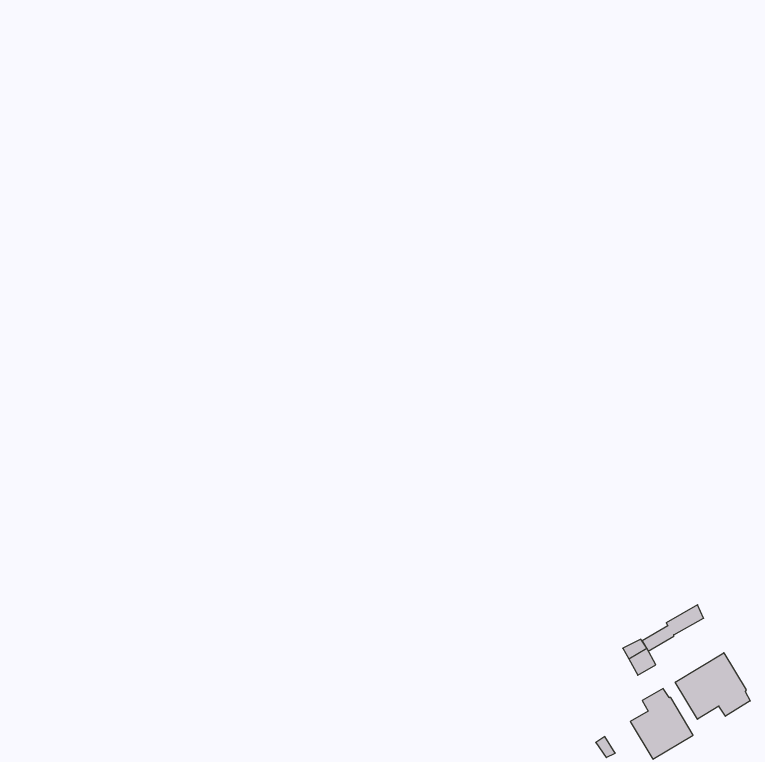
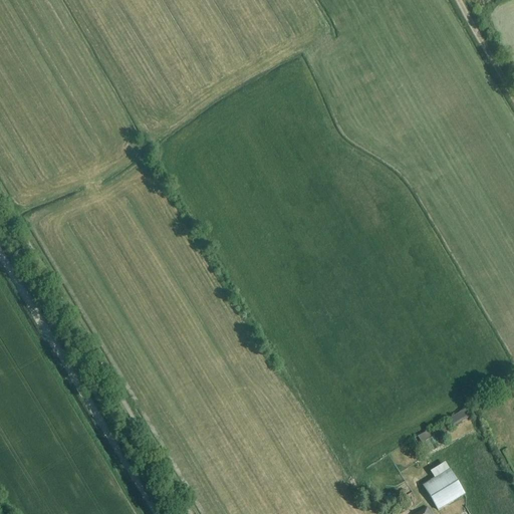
building: [675,653,750,719] -> none

